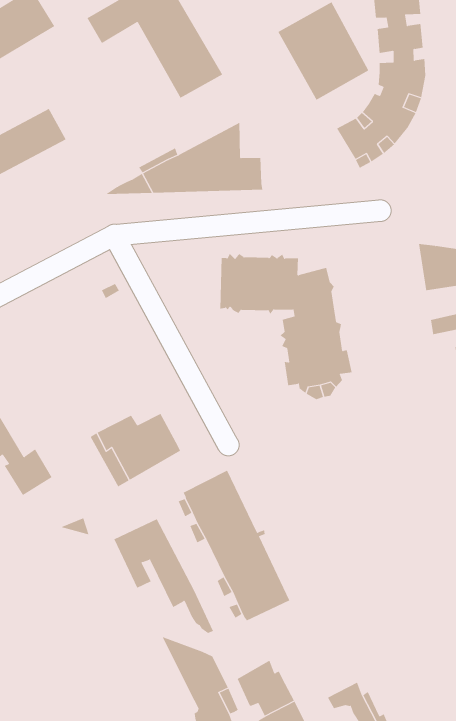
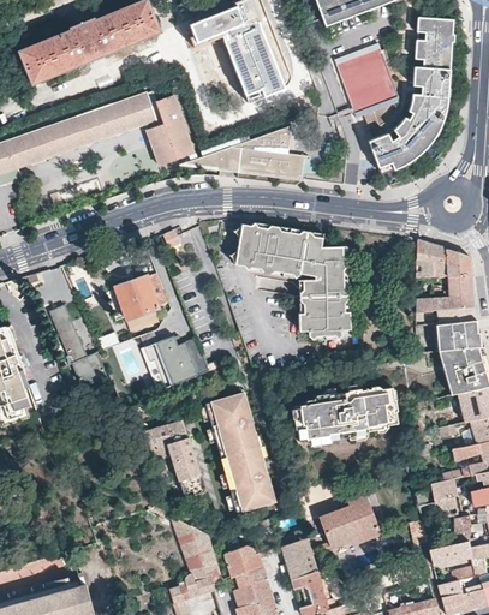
building: none -> [148,94,197,166]
building: none -> [228,222,263,267]
building: none -> [114,274,162,322]
building: none -> [291,389,399,448]
building: none -> [321,495,380,549]
building: none -> [282,527,317,579]

